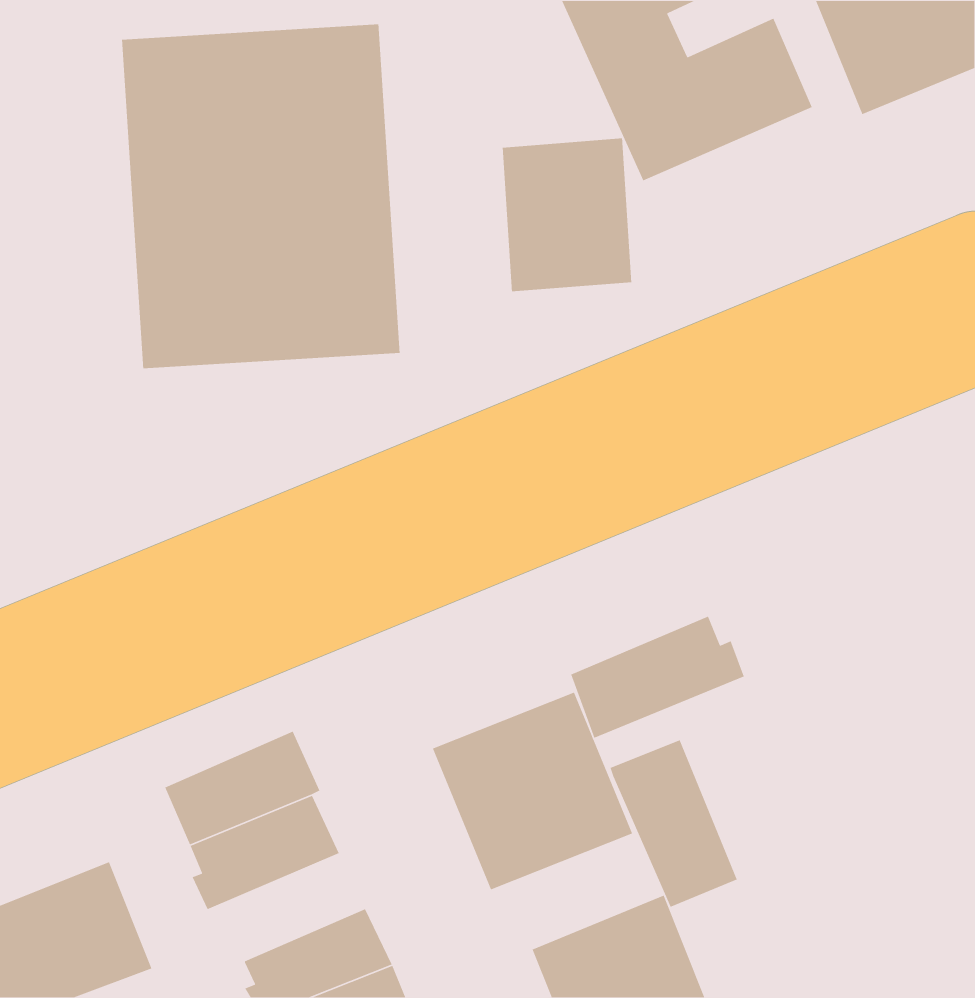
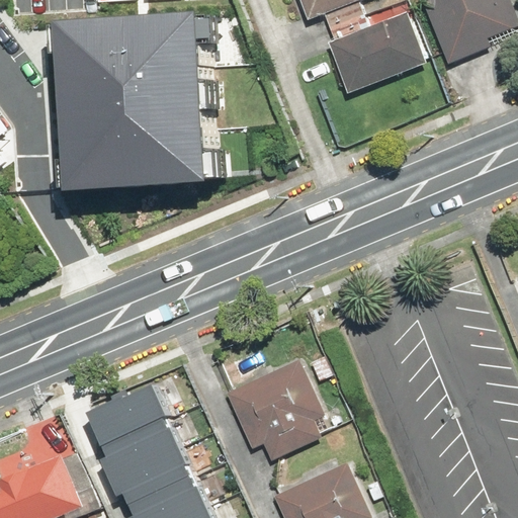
building: [502,137,632,292] -> none
building: [570,616,745,739] -> none
building: [609,739,738,908] -> none
building: none -> [107,442,189,498]

